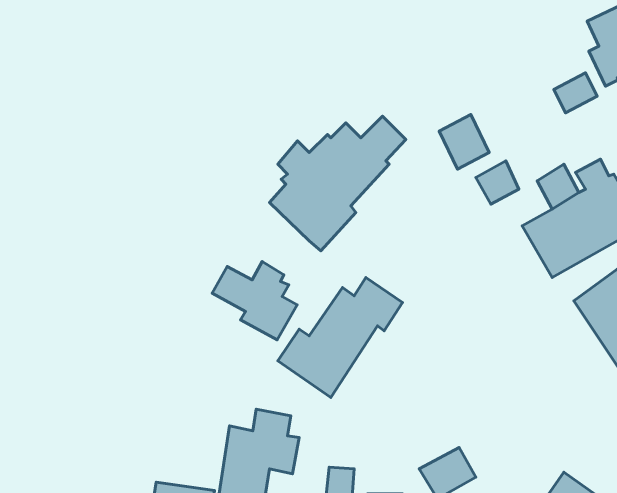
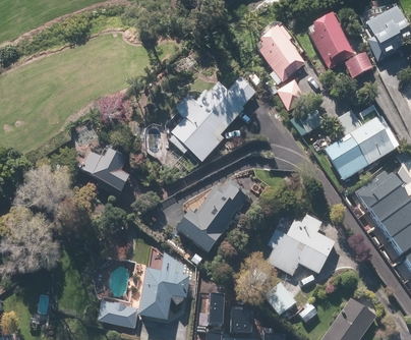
building: none -> [307,14,354,67]
building: none -> [254,27,305,80]
building: [212,262,297,340] -> [78,149,130,196]
building: none -> [267,209,335,275]

